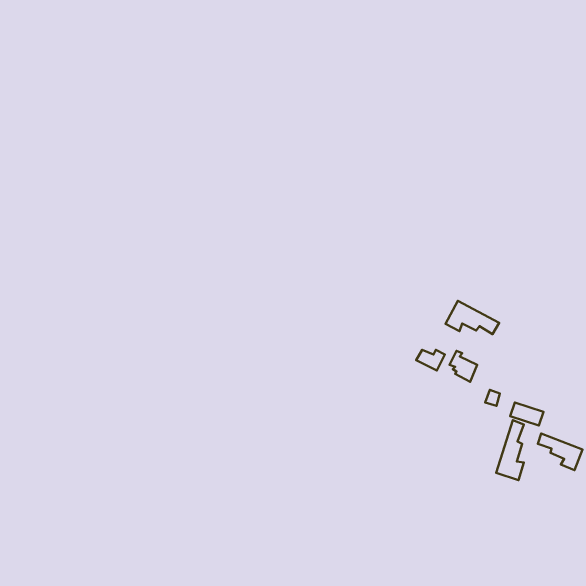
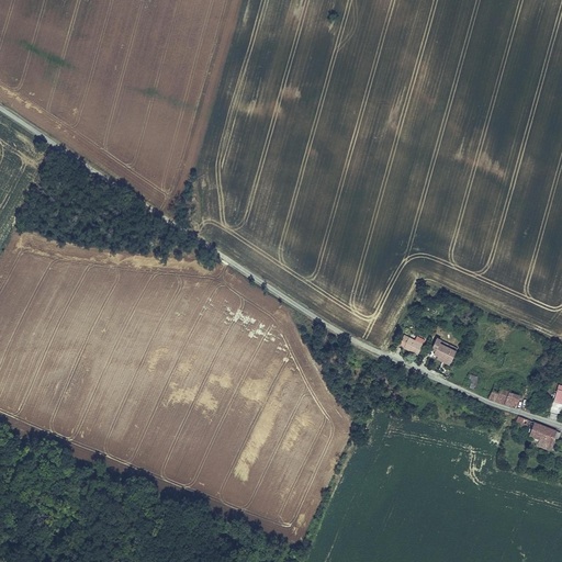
building: [445,301,499,334] -> none
building: [496,420,524,480] -> none

